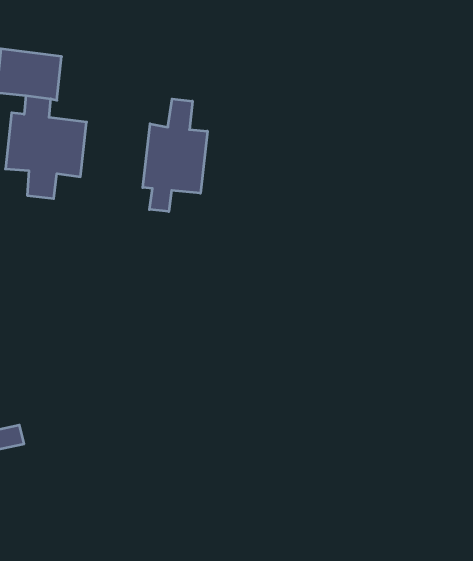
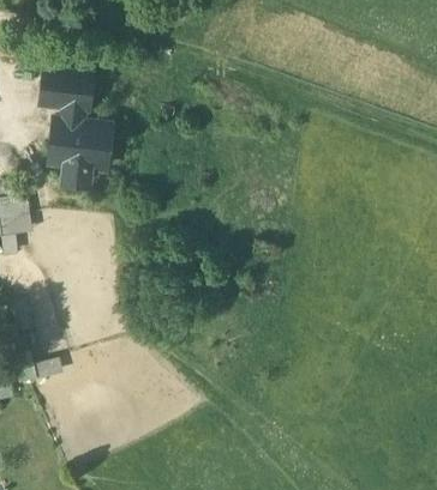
building: [143,99,207,212] -> none

